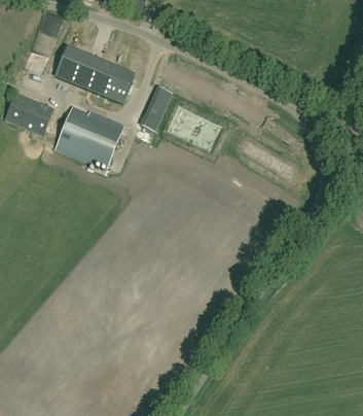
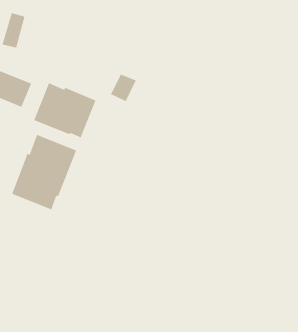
building: [56,46,135,103] -> none
building: none -> [11,134,77,210]

